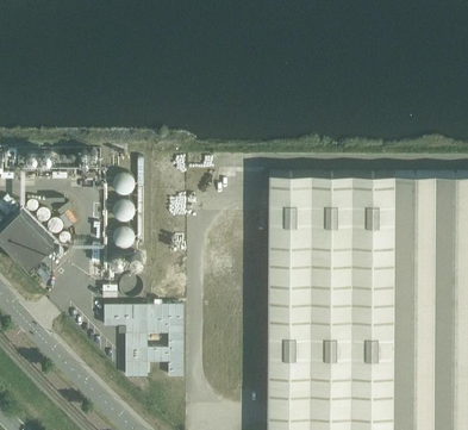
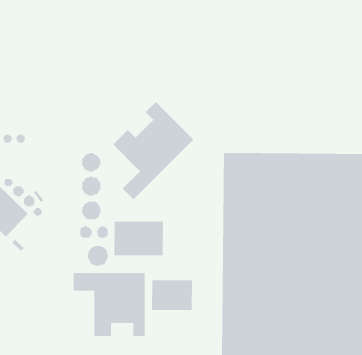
building: none -> [112,101,194,200]
building: none -> [113,221,164,256]
building: none -> [151,279,193,311]

